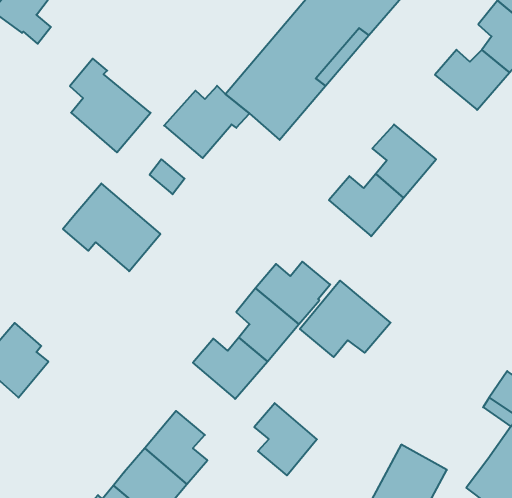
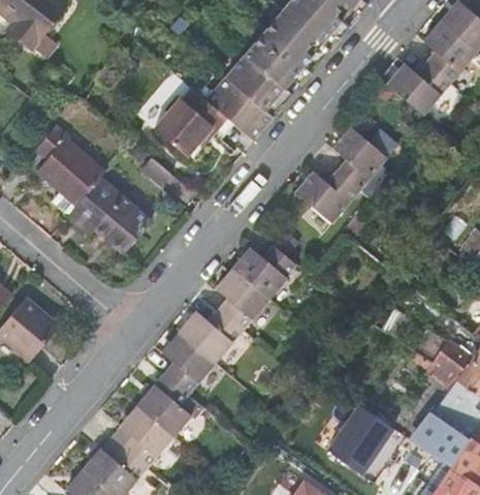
building: [70,59,151,152] -> [36,125,105,206]
building: [300,281,391,357] -> none
building: [254,403,317,475] -> [161,332,215,394]

